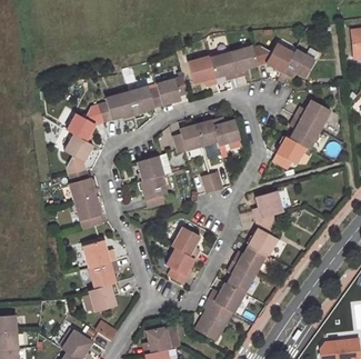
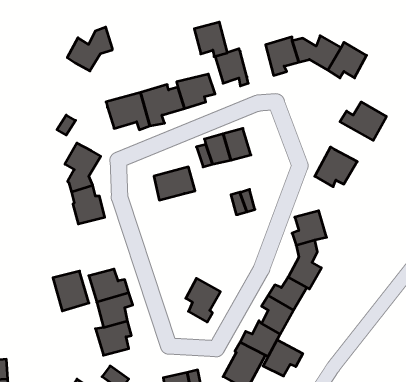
building: [210,51,238,80] -> [194,22,227,57]
building: [67,103,104,140] -> [67,27,112,71]
building: [288,116,321,151] -> none
building: [212,119,241,146] -> none
building: [141,176,168,209] -> none
building: [74,196,104,229] -> [53,271,89,311]
building: [171,225,200,258] -> none
building: none -> [263,340,303,376]

